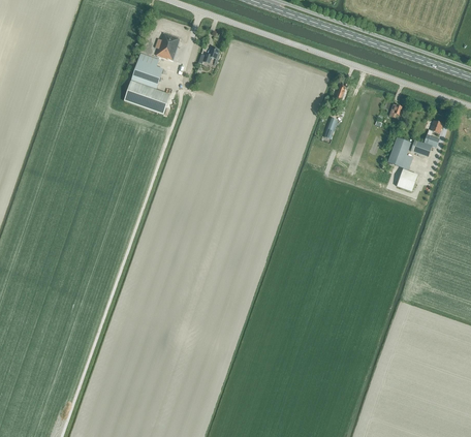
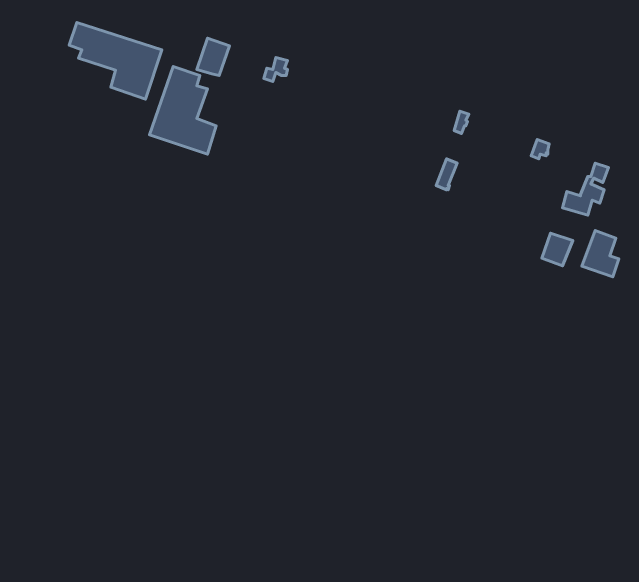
building: none -> [69,22,162,99]
building: [386,136,412,168] -> [582,231,619,277]

